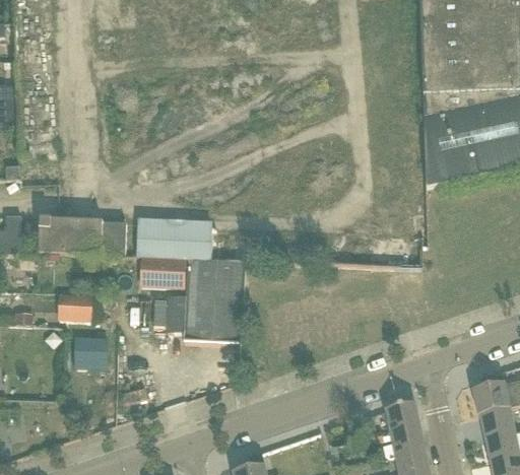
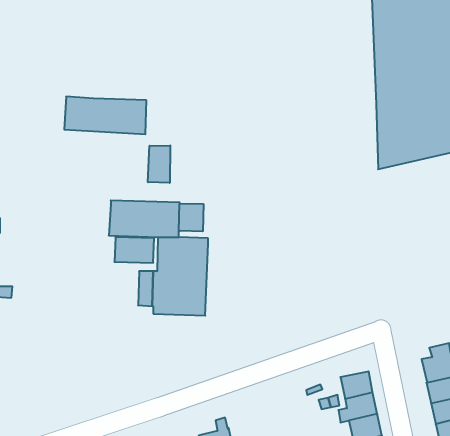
building: none -> [148,145,170,183]
building: [39,217,127,258] -> [64,97,146,134]
building: none -> [179,204,203,231]
building: [59,292,94,320] -> none
building: [74,335,109,366] -> none

